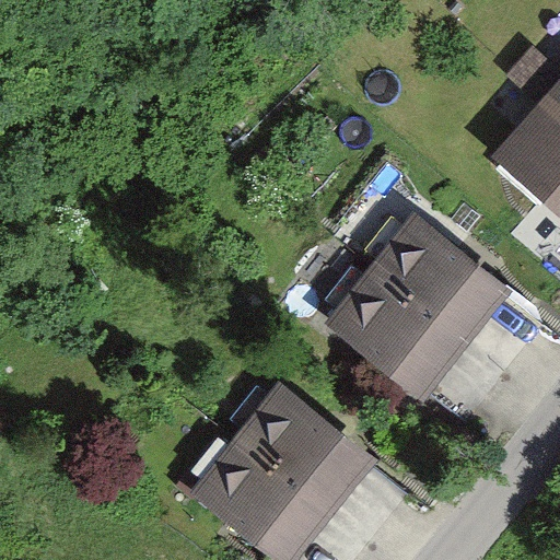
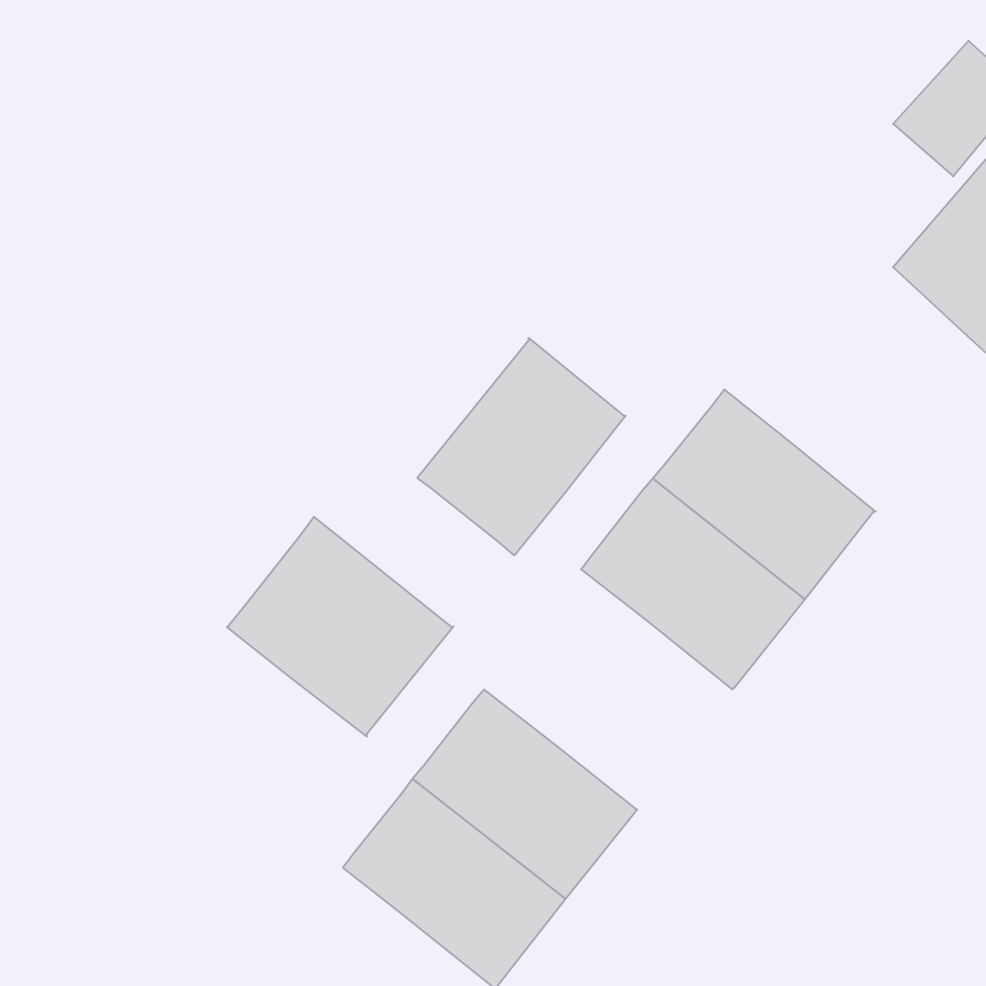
building: none -> [417,338,626,555]
building: none -> [227,517,453,737]

